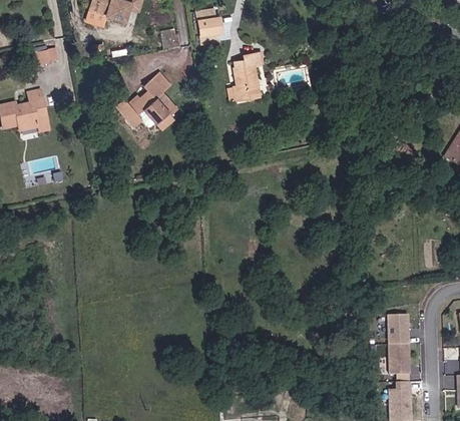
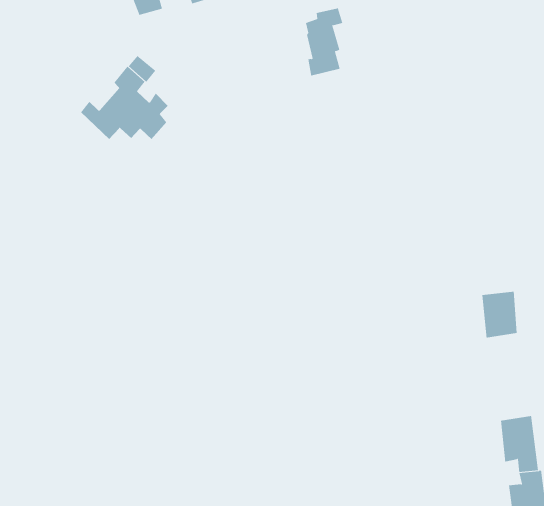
building: [238,49,265,94] -> [305,8,343,76]
building: [386,317,409,347] -> [481,291,517,338]

